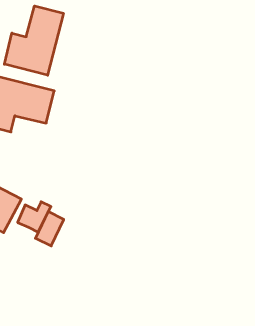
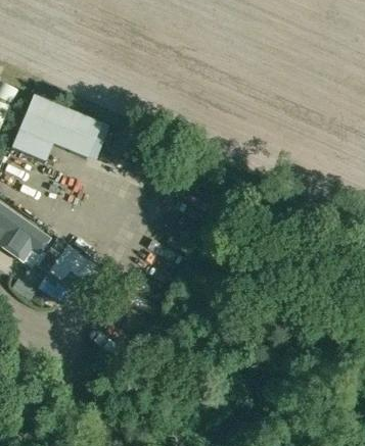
building: [4,6,63,75] -> none

